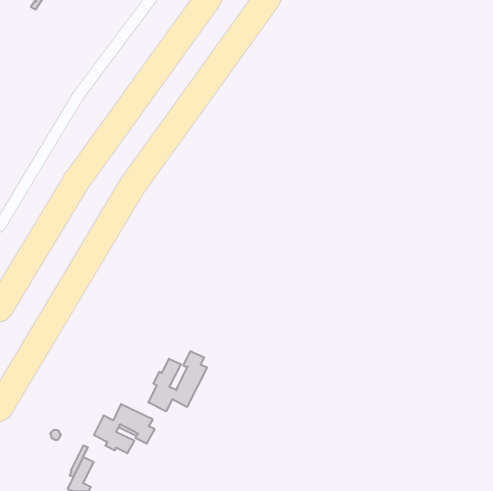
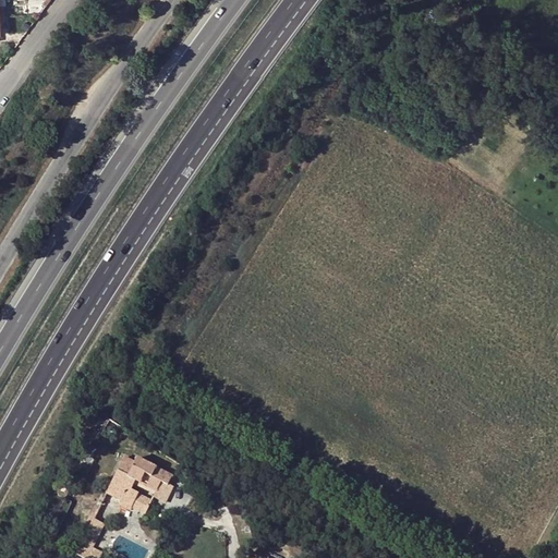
building: [148,351,207,411] -> none

